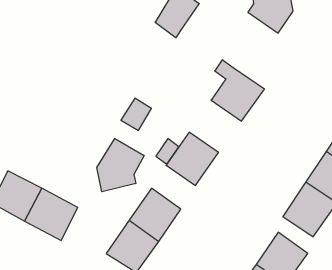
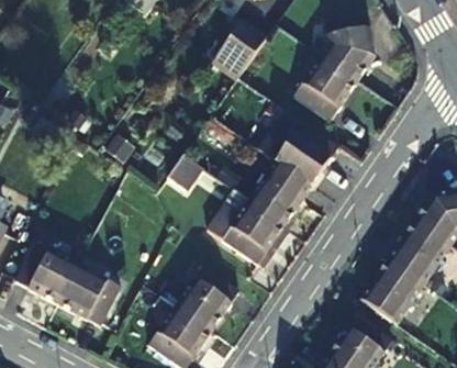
building: none -> [293,53,356,115]
building: none -> [249,158,312,221]
building: [97,138,144,192] -> none

